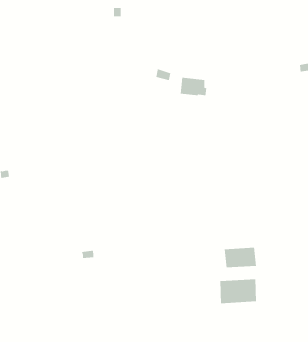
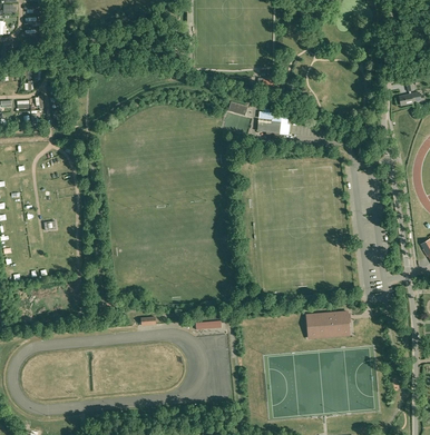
building: [220,278,256,304] -> none

